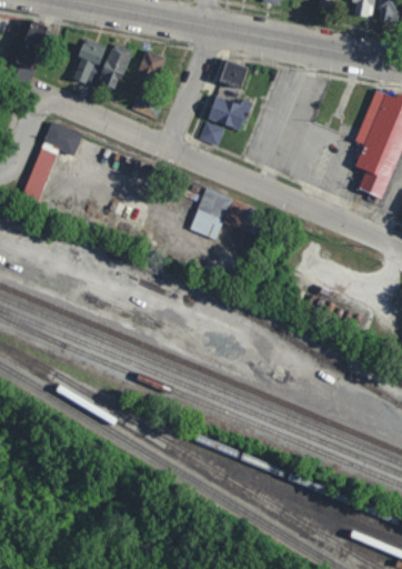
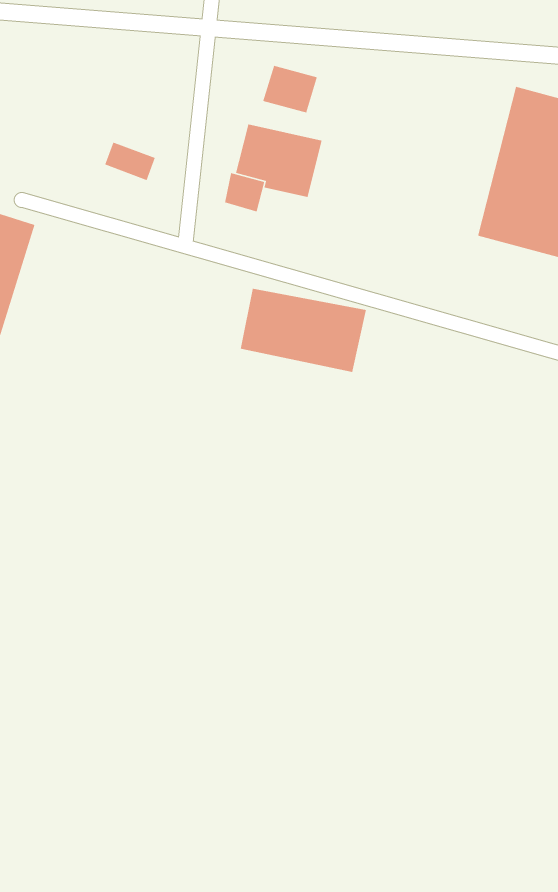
building: [72,38,130,86] -> none
building: [131,47,167,91] -> none

